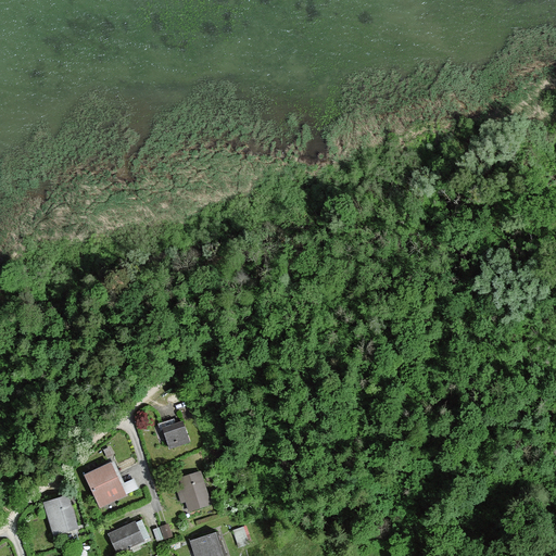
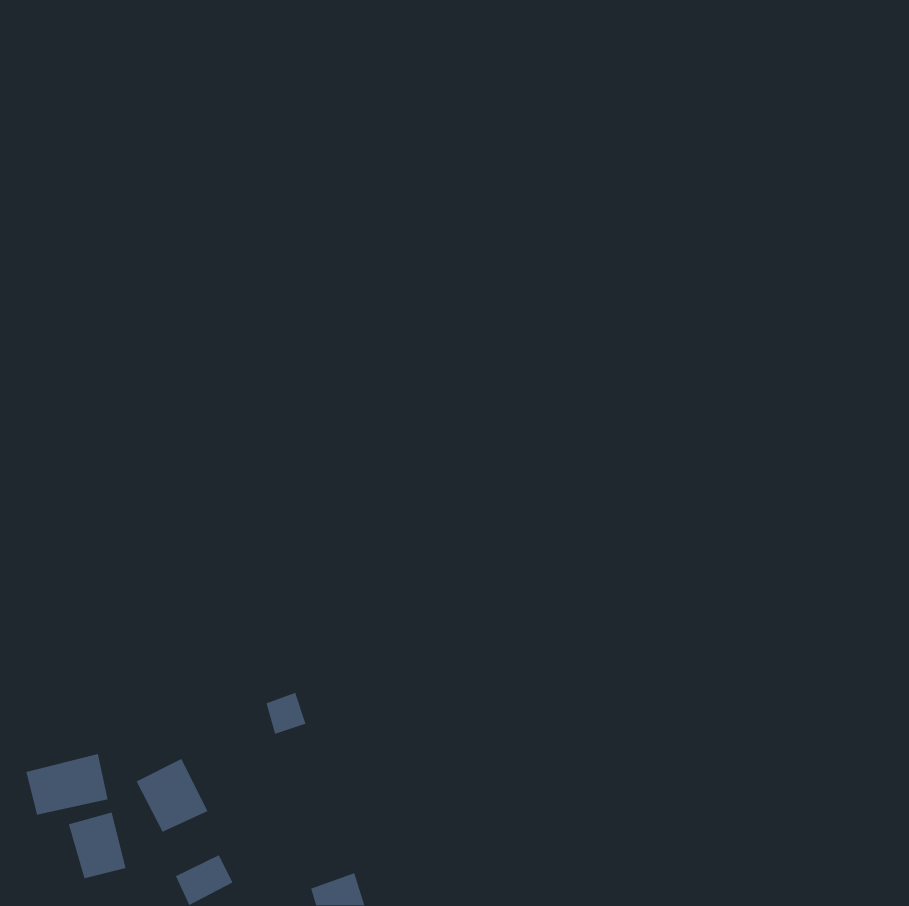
building: none -> [25,753,108,815]
building: [173,471,213,511] -> none

